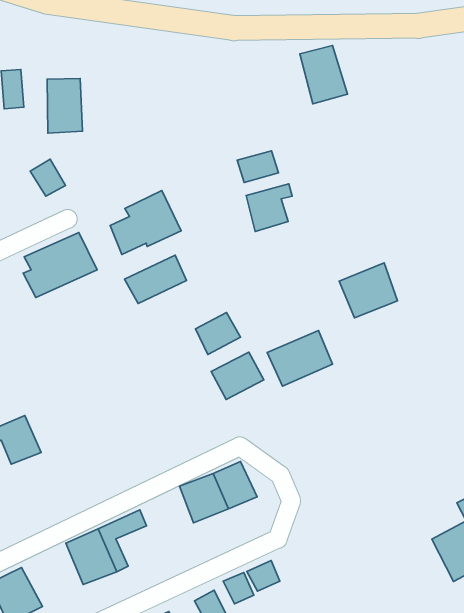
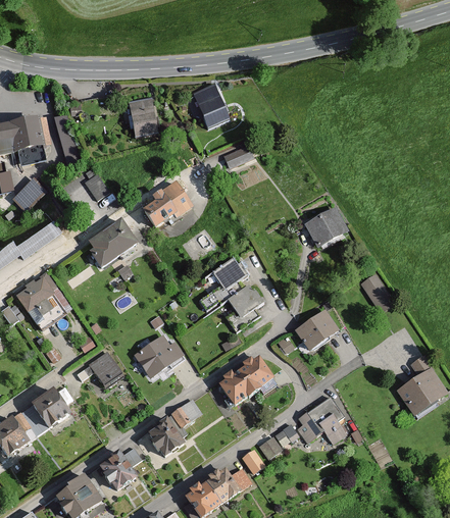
building: [300,46,347,104] -> [193,85,230,126]
building: [47,78,82,133] -> [128,96,157,137]
building: [246,184,292,232] -> none
building: [124,255,186,304] -> none
building: [267,331,333,386] -> [293,310,339,352]
building: none -> [360,274,395,313]
building: none -> [133,333,183,378]
building: none -> [296,396,347,443]

